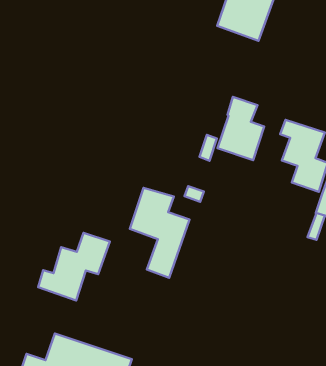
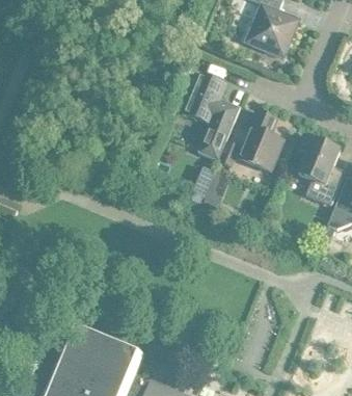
building: [130,188,189,278] -> [184,74,241,161]
building: [38,233,110,300] -> none

